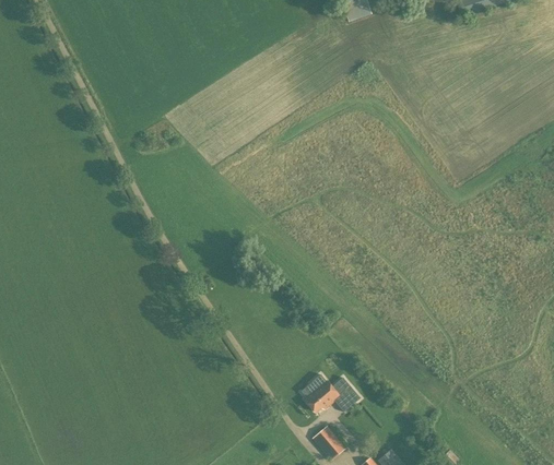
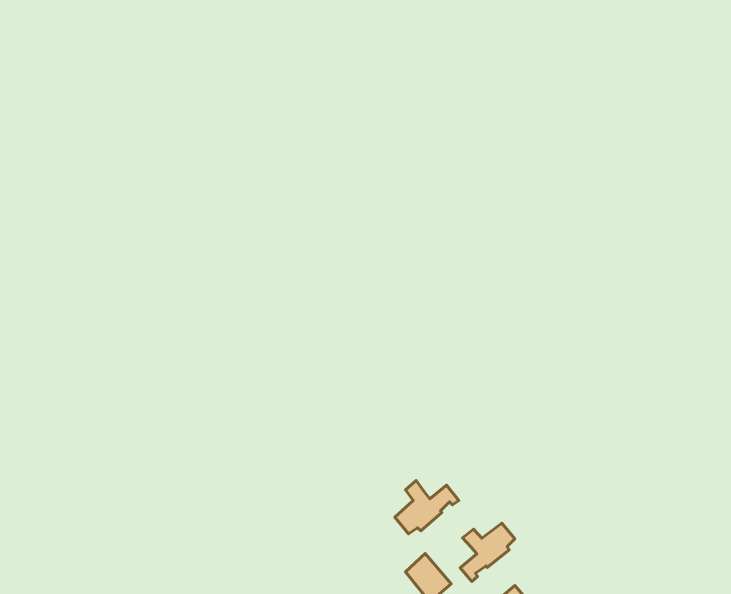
building: none -> [460,523,515,582]

